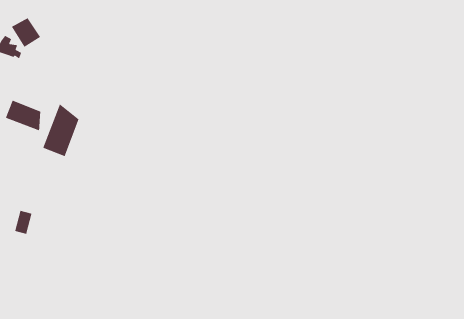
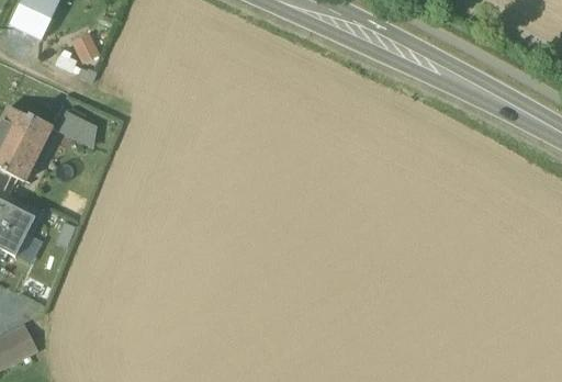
building: [42,103,79,157] -> none

